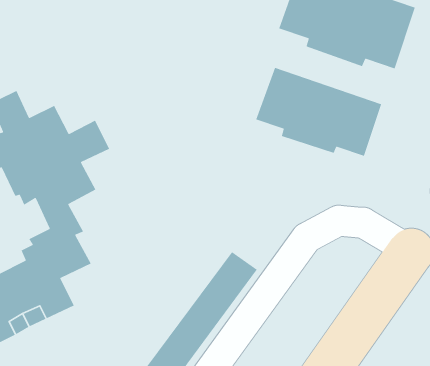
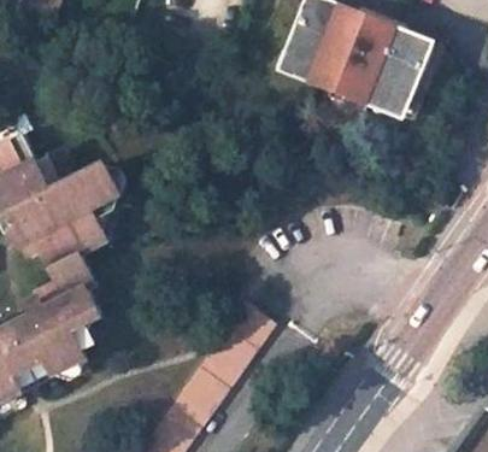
building: [255,67,382,157] -> none

